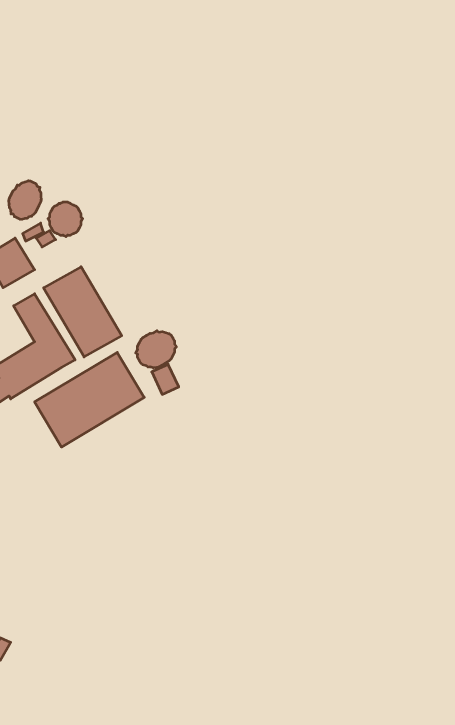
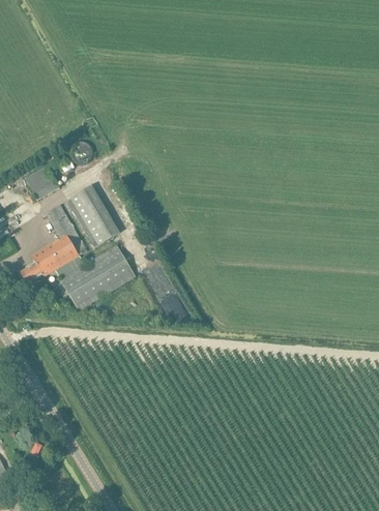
building: [9,181,41,219] -> none
building: [136,331,176,368] -> none

